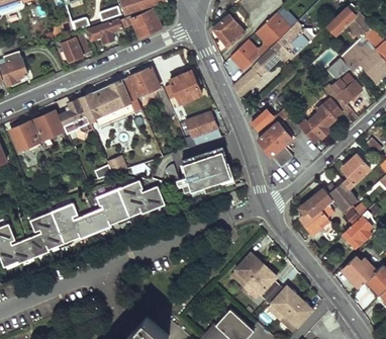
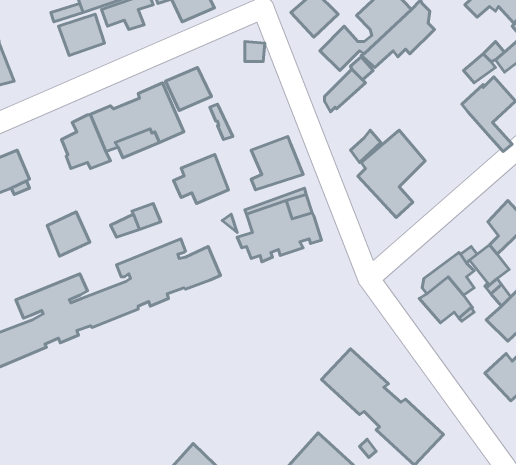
building: [165,70,201,102] -> [174,155,229,203]
building: [299,96,345,143] -> none
building: [35,110,64,140] -> [47,212,90,256]

